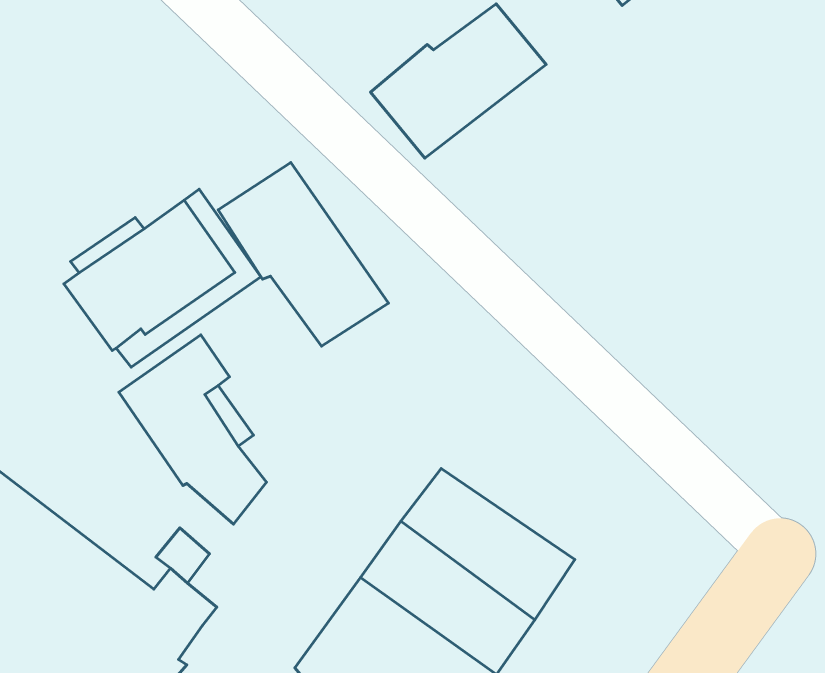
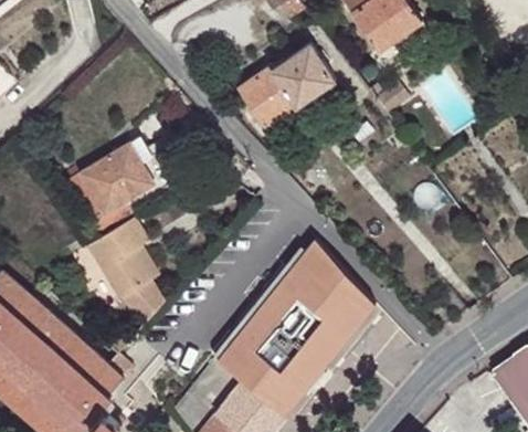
building: [218,163,388,346] -> none
building: none -> [263,233,381,356]

